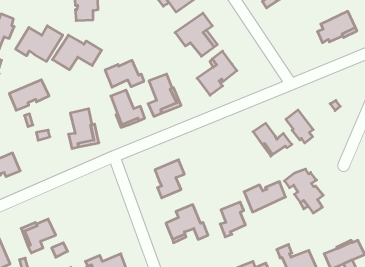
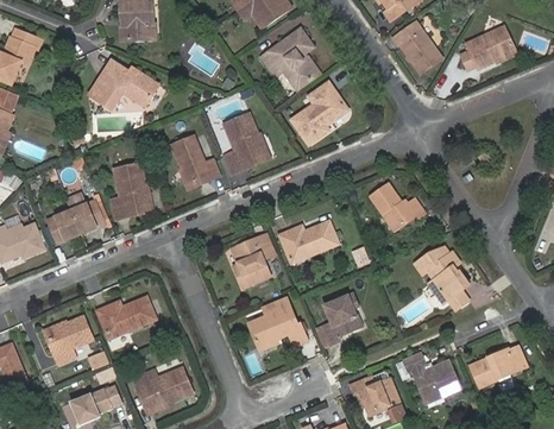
building: none -> [395,23,441,74]
building: [16,26,63,61] -> none
building: [105,60,144,87] -> none
building: [9,80,49,110] -> [48,201,103,244]
building: [286,110,313,143] -> none
building: [244,182,286,212] -> [279,221,338,264]
building: none -> [96,297,156,339]

